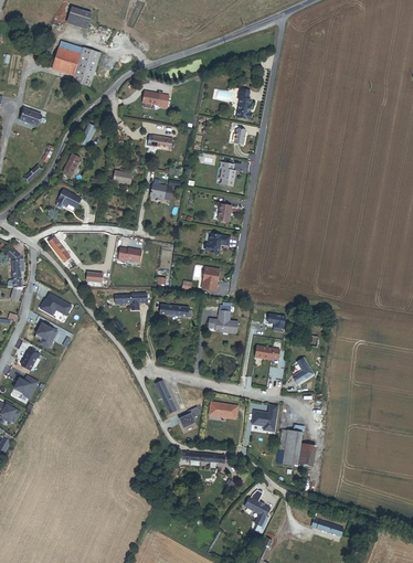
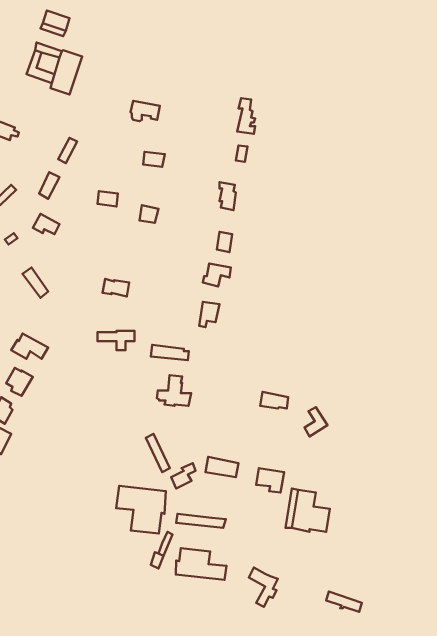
building: [209,304,239,330] -> [157,375,191,406]
building: none -> [116,486,166,534]
building: none -> [176,548,226,580]

